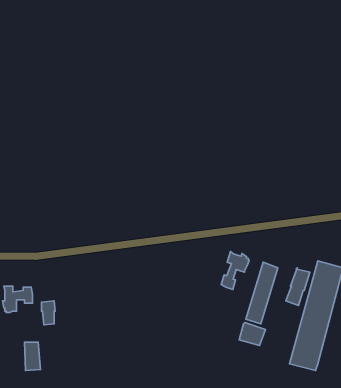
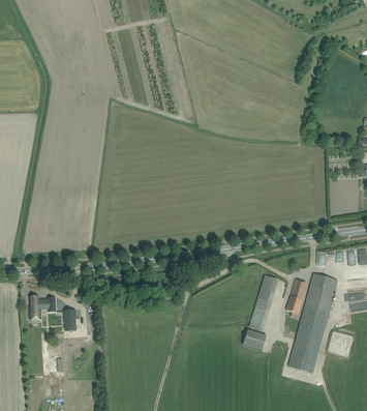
building: [221,251,249,289] -> none

